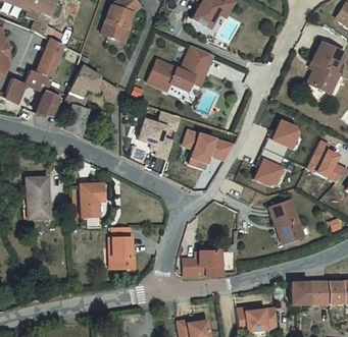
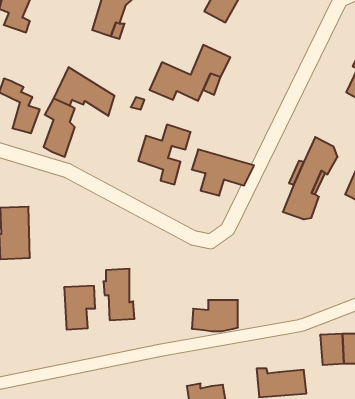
building: [35,36,64,78] -> none
building: [81,181,106,217] -> [64,286,95,330]
building: [269,200,303,243] -> none

